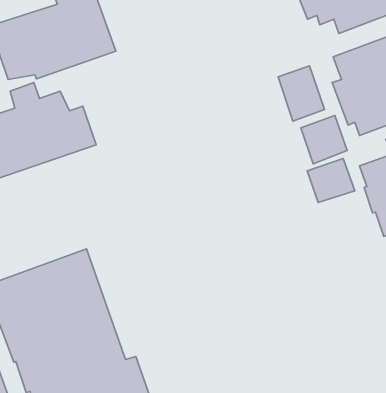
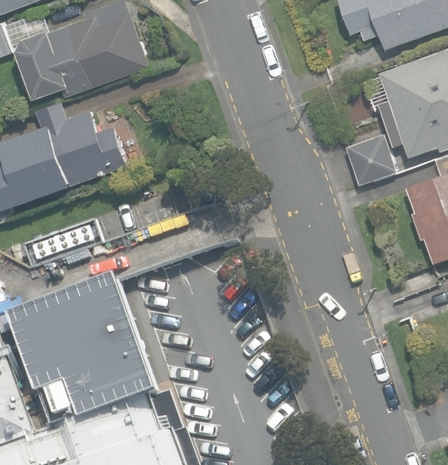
building: [278,66,325,121] -> none
building: [307,158,355,202] -> none

